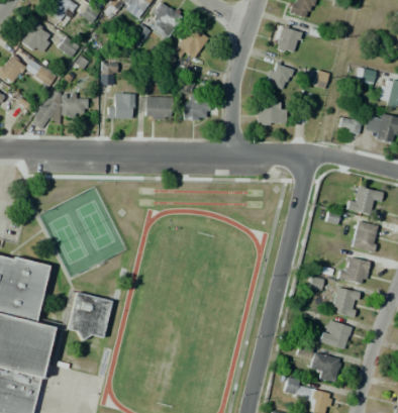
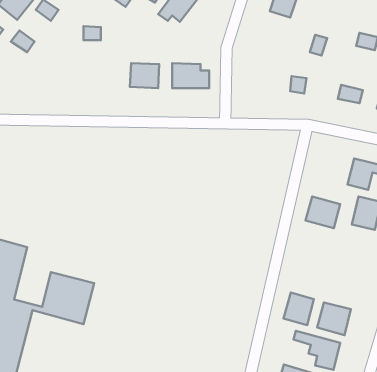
building: [267,63,293,90] -> none
building: [31,90,91,129] -> none
building: [108,93,132,118] -> none
building: [258,101,288,125] -> none
building: [338,255,371,285] -> [306,197,340,228]
building: [331,287,360,317] -> [283,293,314,325]

